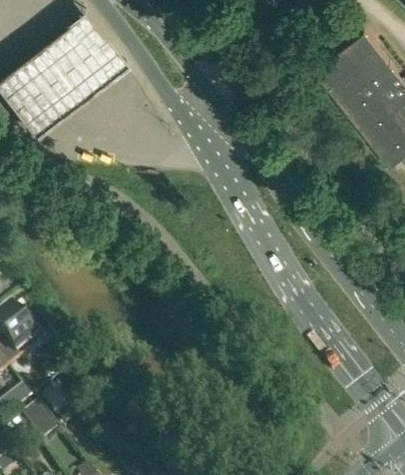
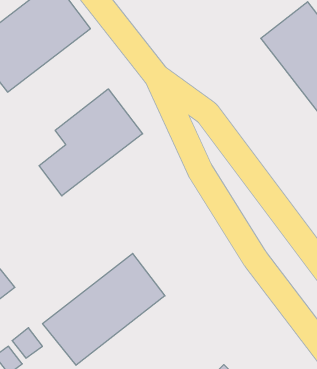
building: none -> [39,89,143,196]
building: none -> [43,253,165,365]

